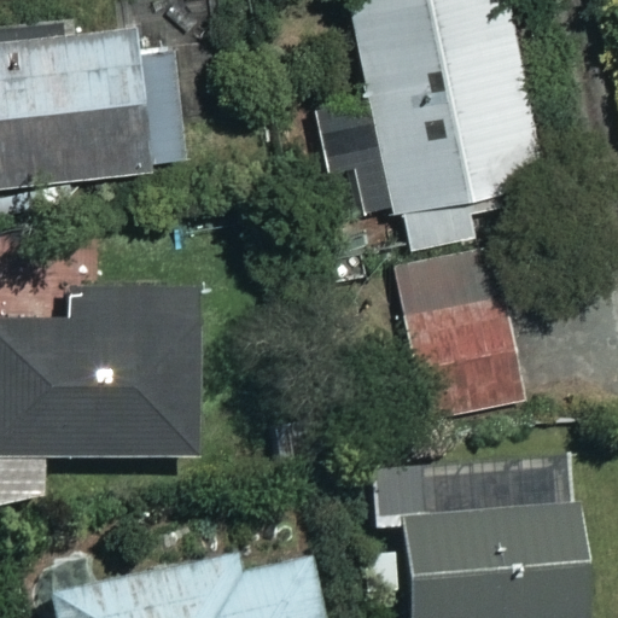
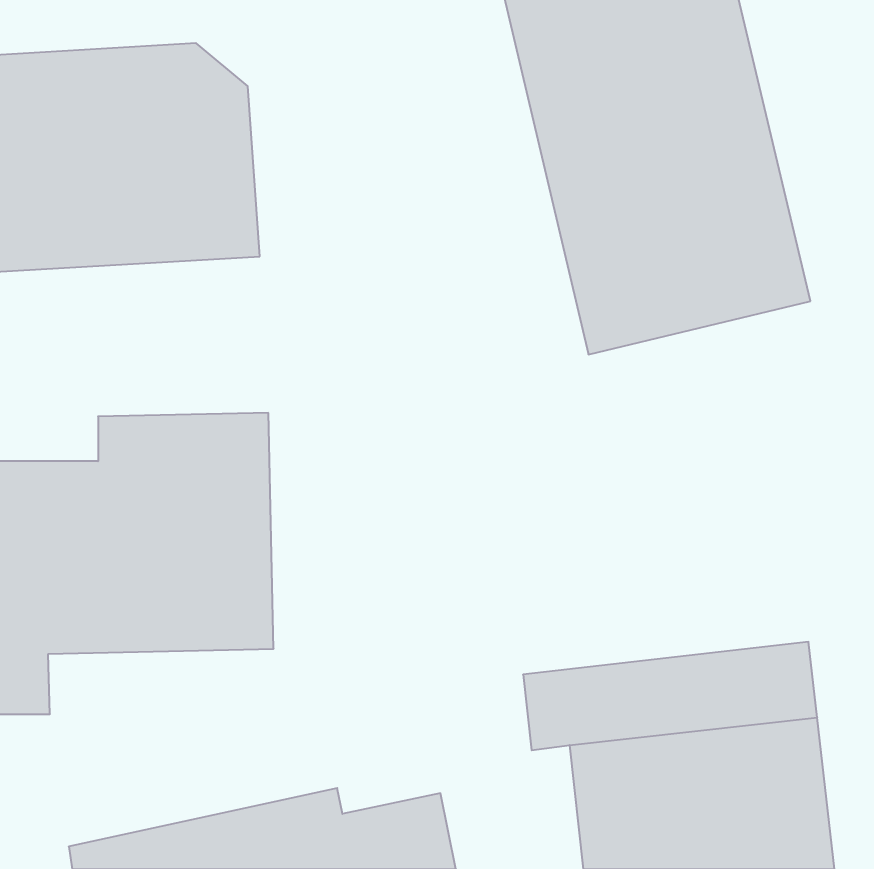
building: [392,257,524,416] -> none

